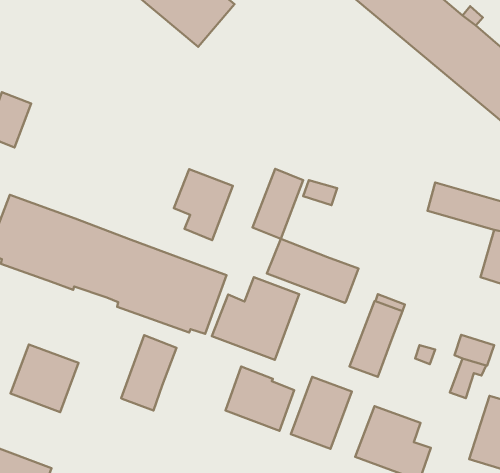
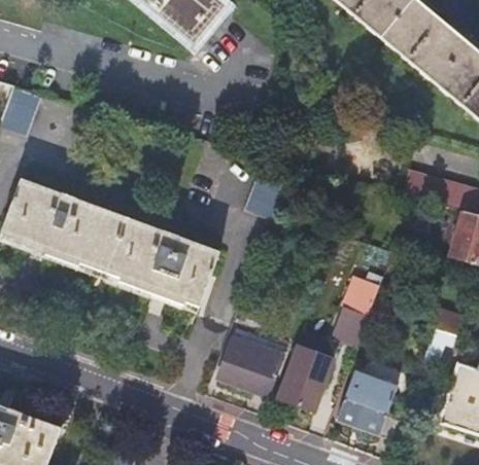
building: [174,169,233,240] -> none
building: [267,239,359,303] -> none
building: [212,277,299,360] -> none
building: [121,335,177,410] -> none
building: [11,344,78,412] -> none

